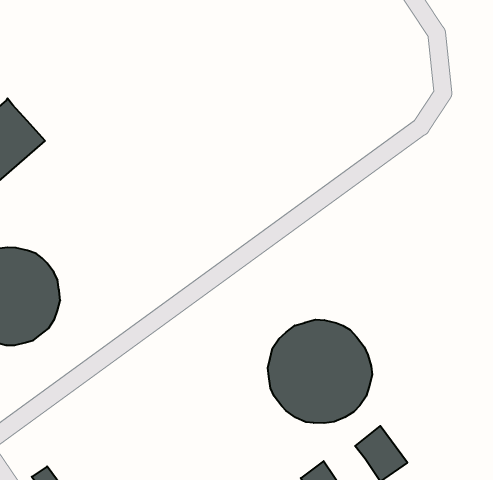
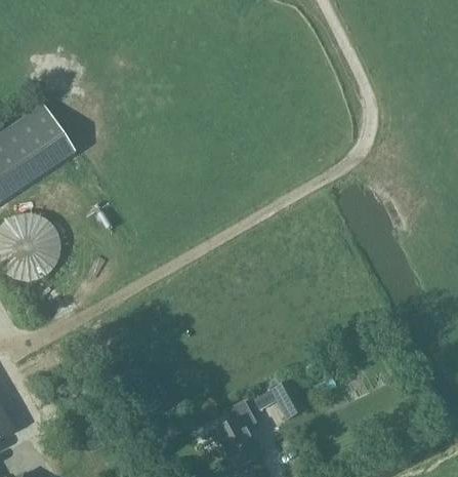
building: [268,320,372,423] -> none

